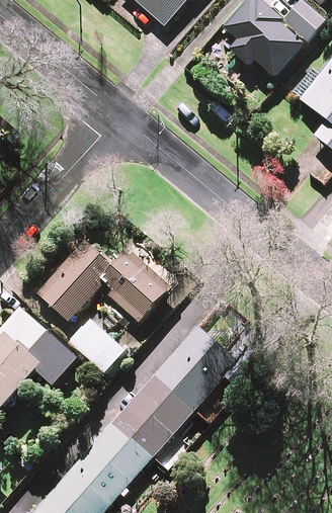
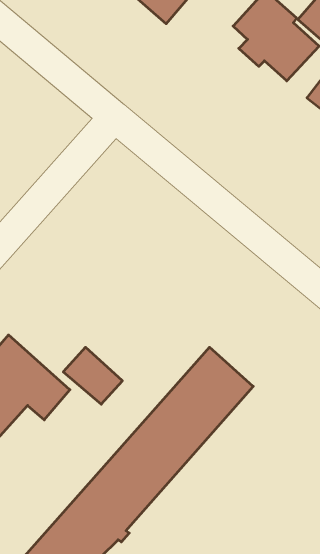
building: [36,234,170,321] -> none

